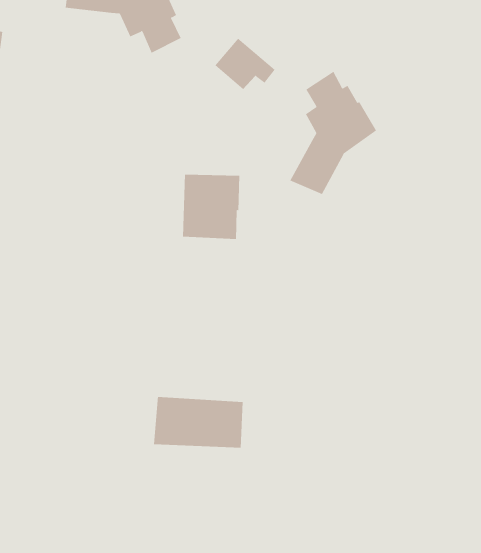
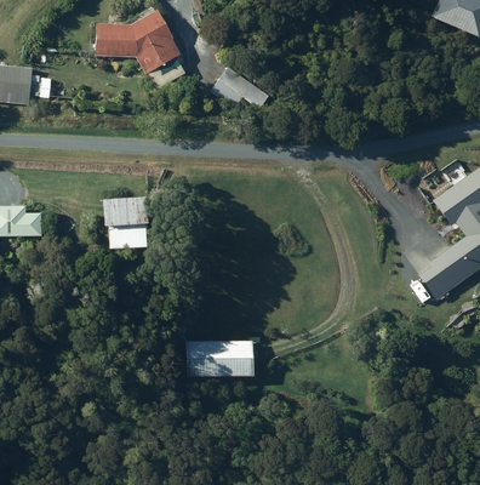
building: [290,71,377,195] -> none
building: [182,174,240,240] -> [103,198,147,247]

